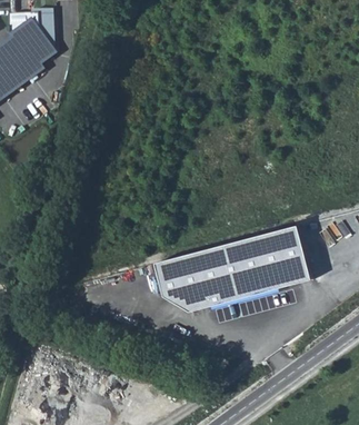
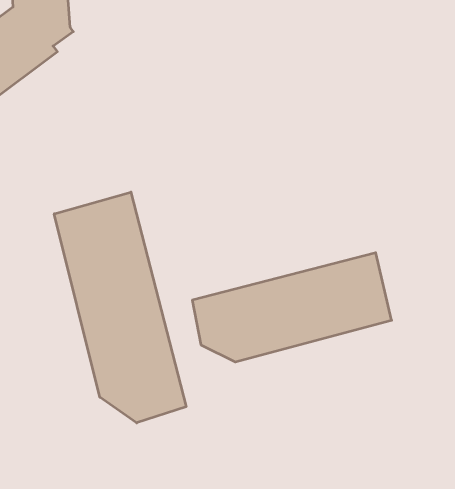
building: none -> [54,192,186,423]

